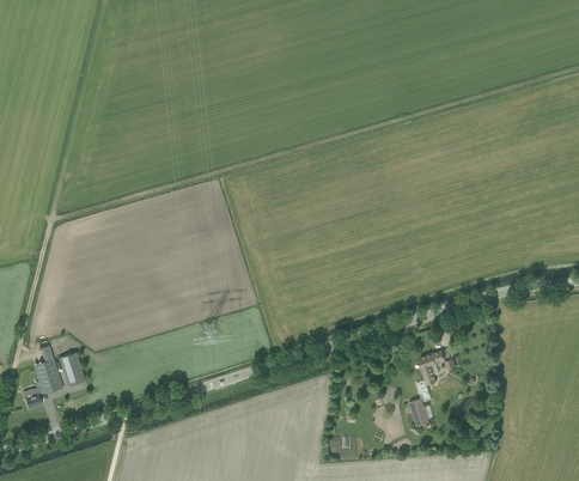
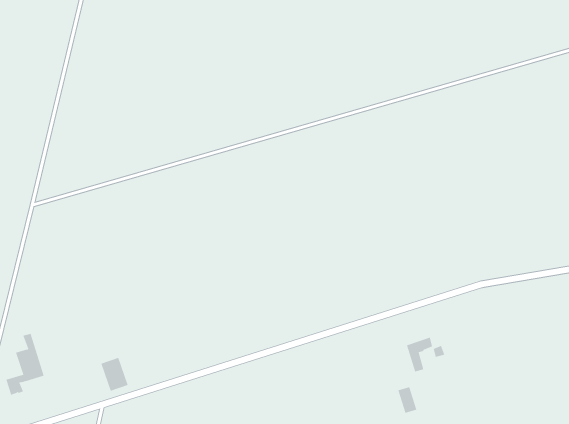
building: [59,352,86,385] -> [101,357,129,391]

